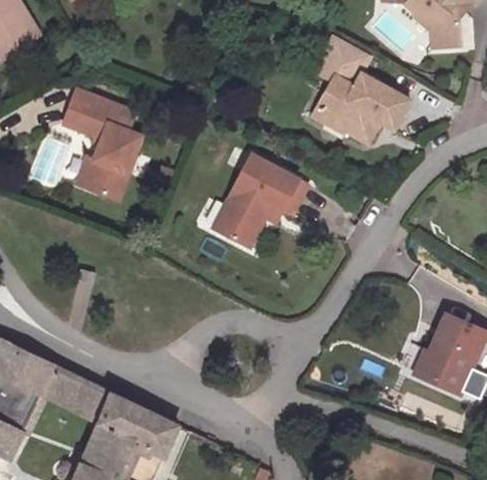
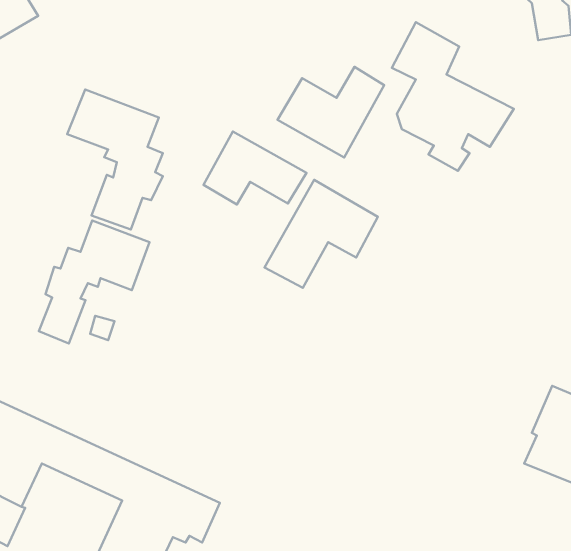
building: none -> [278,67,384,157]
building: none -> [204,131,306,205]
building: none -> [39,220,149,343]

